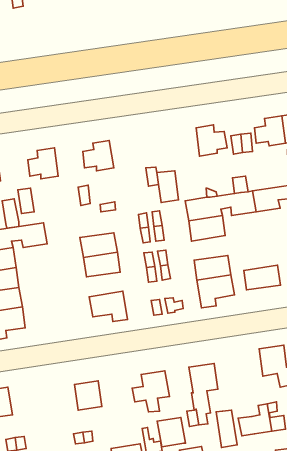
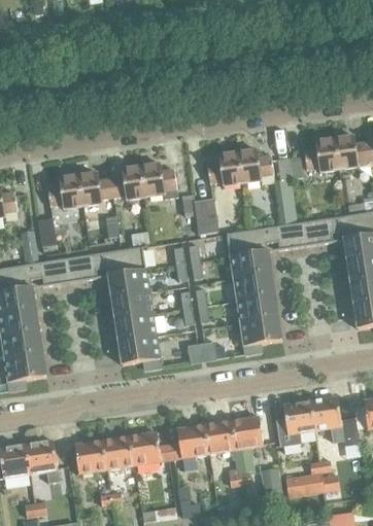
building: none -> [207,150,242,184]
building: none -> [140,162,178,198]
building: none -> [78,171,112,205]
building: none -> [66,246,145,281]
building: [244,265,280,290] -> [233,272,274,300]
building: none -> [114,313,156,341]
building: none -> [275,399,313,446]
building: none -> [128,431,169,464]
building: none -> [26,439,59,483]
building: none -> [74,440,105,472]
building: [157,418,185,447] -> [203,420,235,453]

